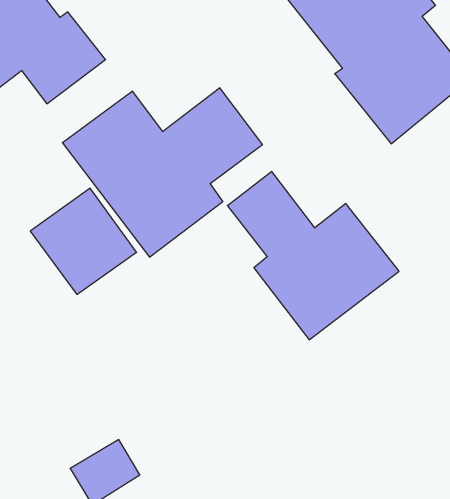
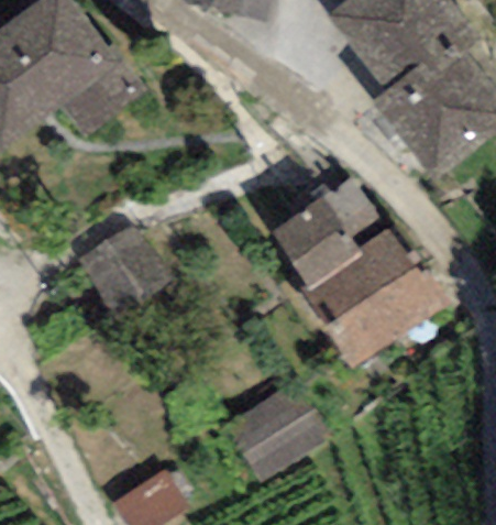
building: [62,88,262,257] -> none
building: none -> [221,368,331,473]

